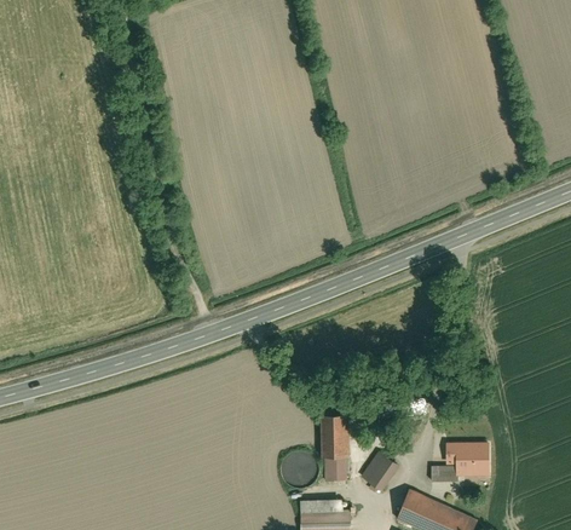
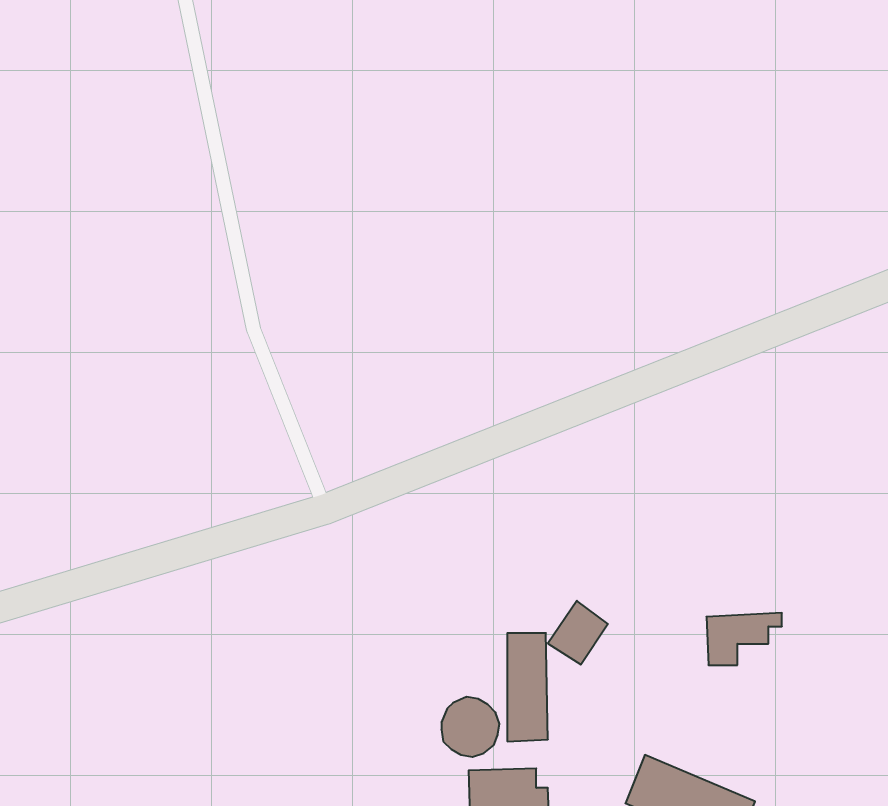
building: [439,448,486,480] -> [706,613,782,665]
building: [362,450,399,490] -> [548,601,608,665]

